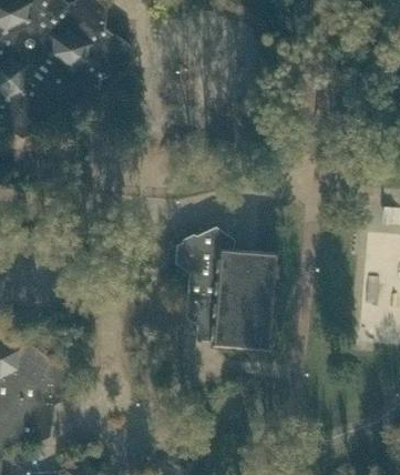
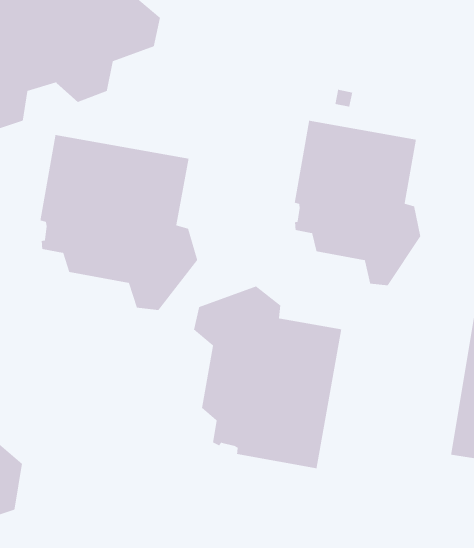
building: none -> [294,120,421,286]
building: none -> [39,134,198,311]

